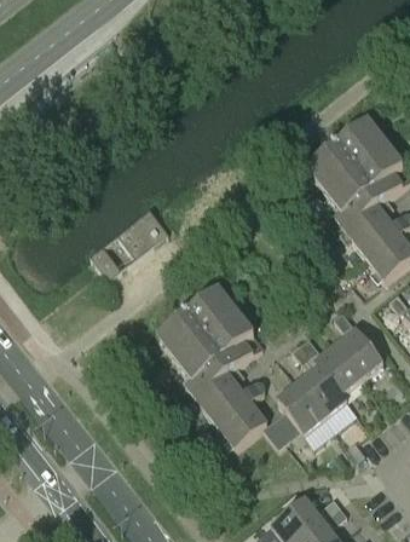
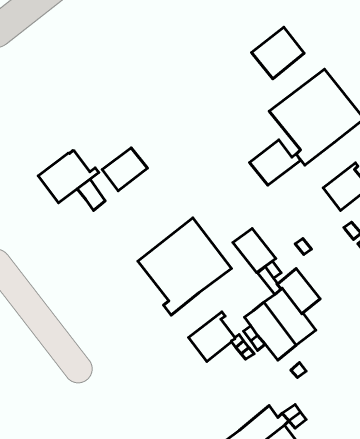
building: none -> [251,27,304,79]
building: [345,202,402,253] -> [250,140,300,185]
building: none -> [38,151,99,203]
building: [335,328,383,377] -> [233,228,276,273]
building: [195,370,252,421] -> none

